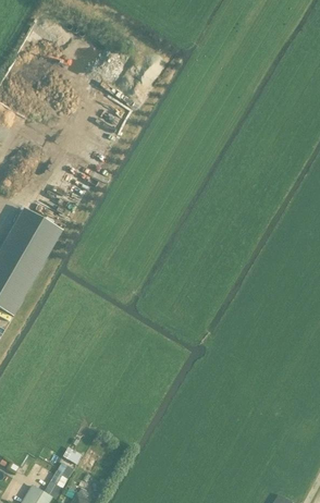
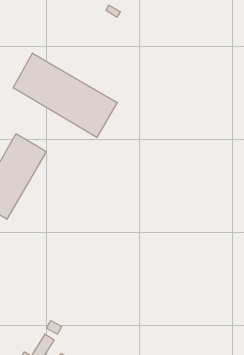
building: none -> [13,53,117,138]

